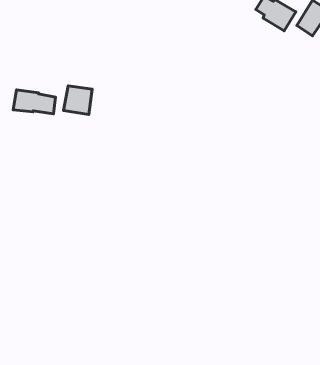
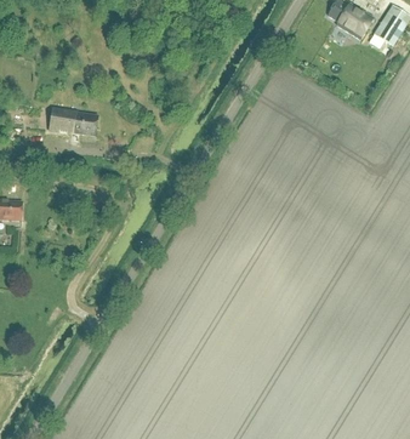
building: [63,86,92,115] -> none

